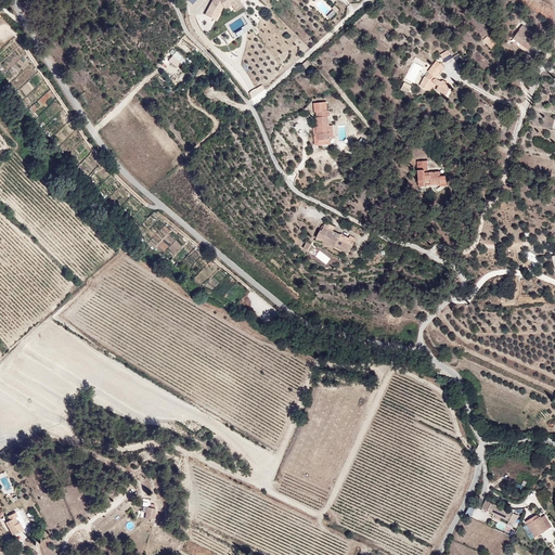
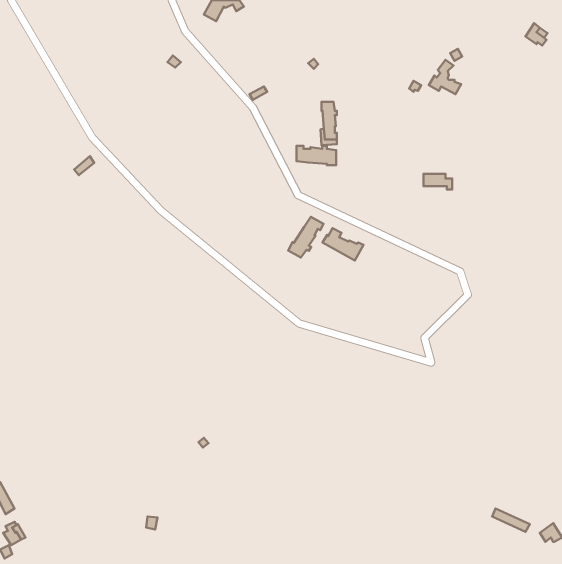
building: none -> [297,146,336,165]
building: none -> [288,217,324,257]

